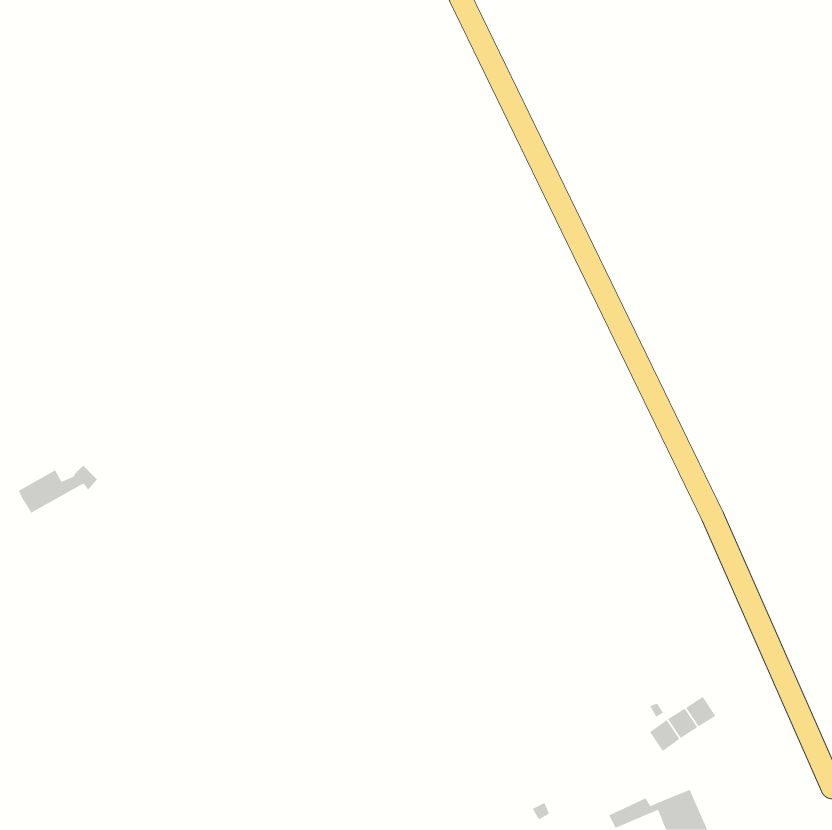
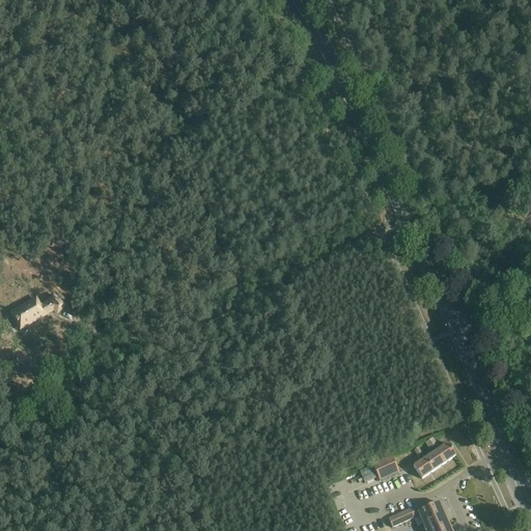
building: none -> [371,455,398,480]

